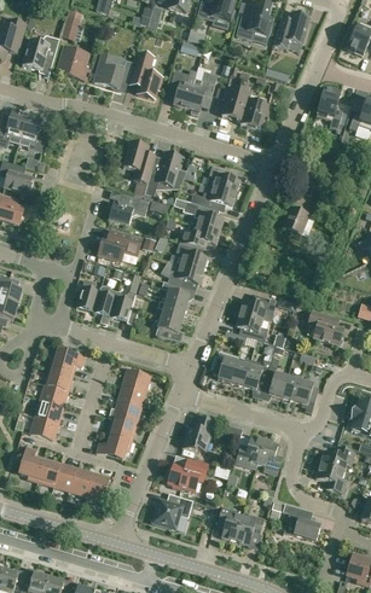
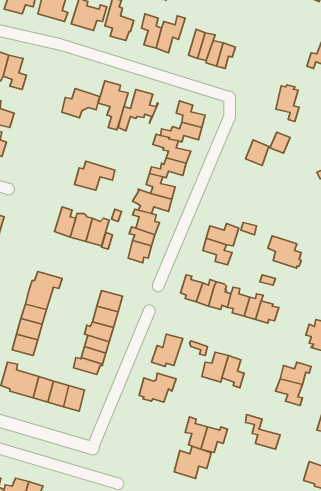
building: [317,87,342,127] -> [276,85,299,122]
building: [109,193,150,225] -> [62,89,100,118]
building: [152,494,192,529] -> [174,446,211,479]

